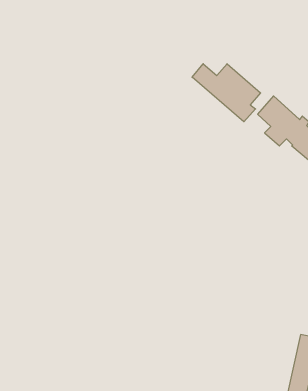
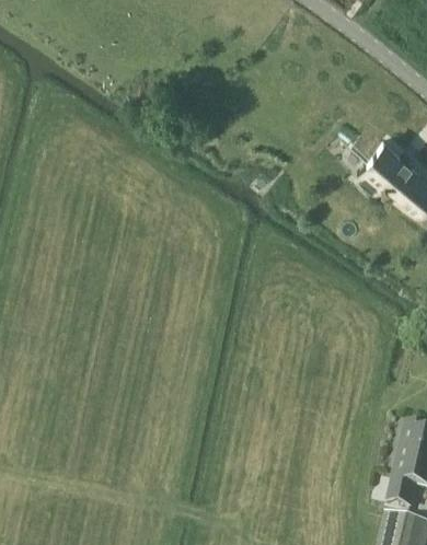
building: [192,64,261,122] -> none

